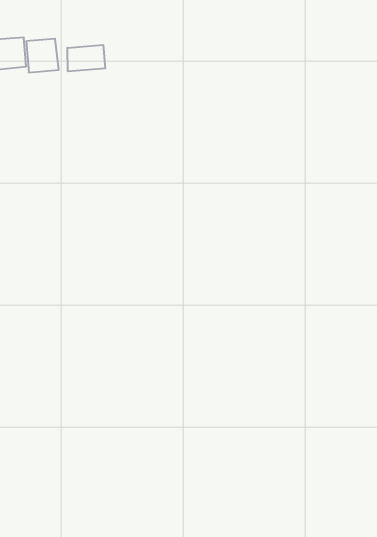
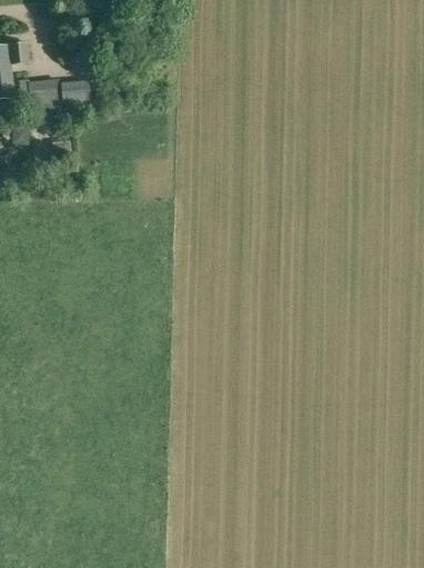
building: [67,45,105,71] -> none

